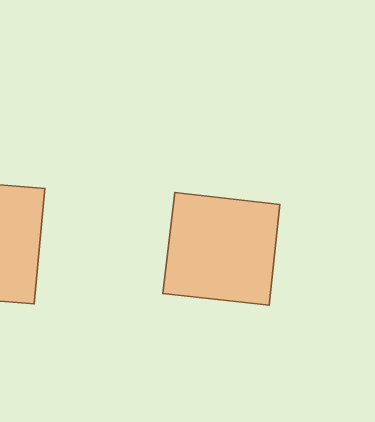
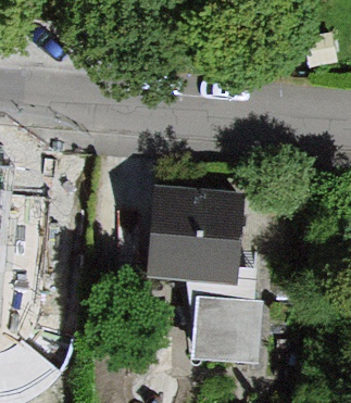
building: none -> [196,301,268,368]

